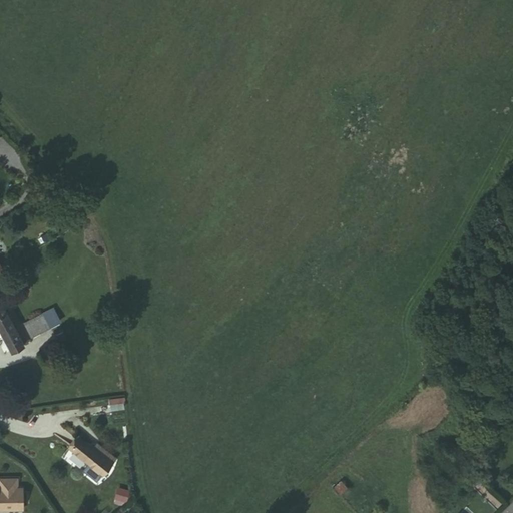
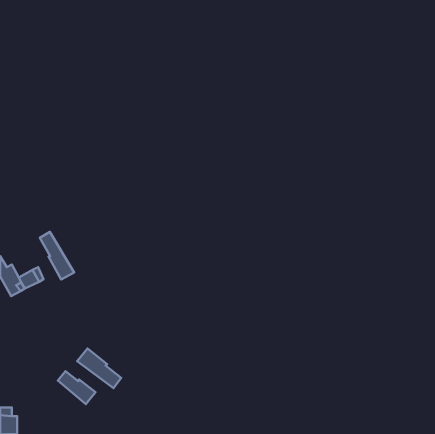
building: none -> [40,232,74,280]
building: none -> [77,349,121,388]

